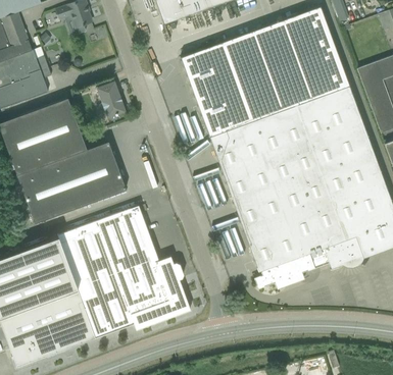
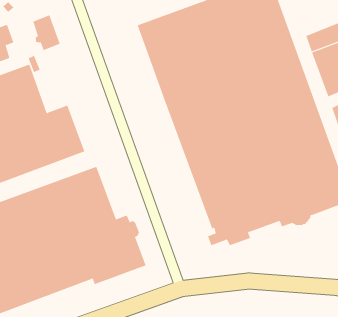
building: [97,81,127,118] -> [32,15,61,51]

